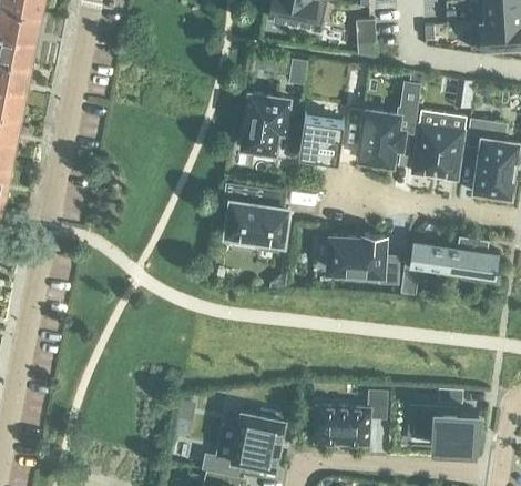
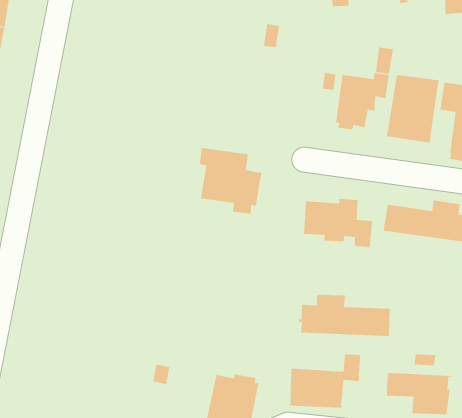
building: [243,95,288,161] -> none
building: [299,117,345,161] -> none
building: none -> [298,294,390,337]

